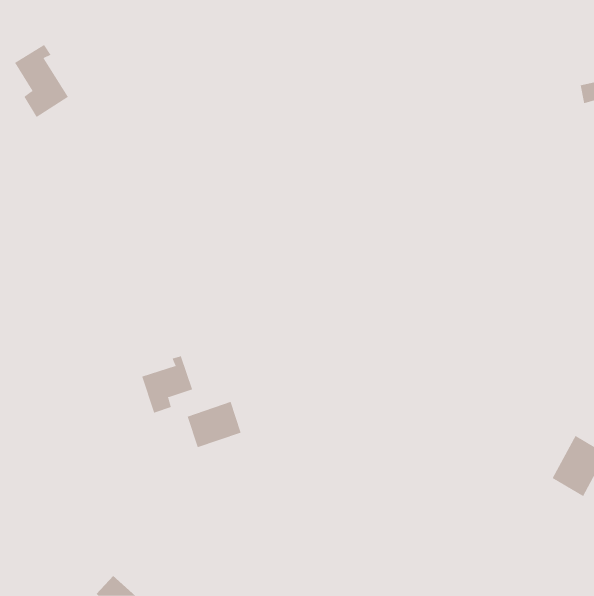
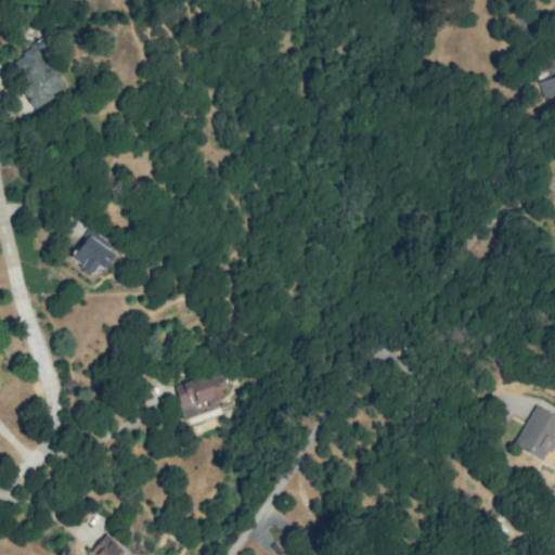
building: none -> [70,230,116,273]
building: [142,356,193,414] -> none

